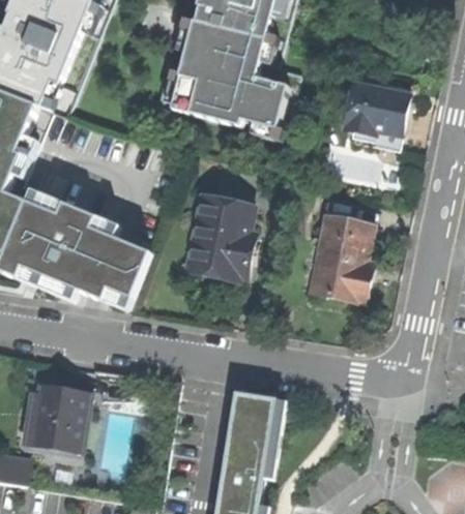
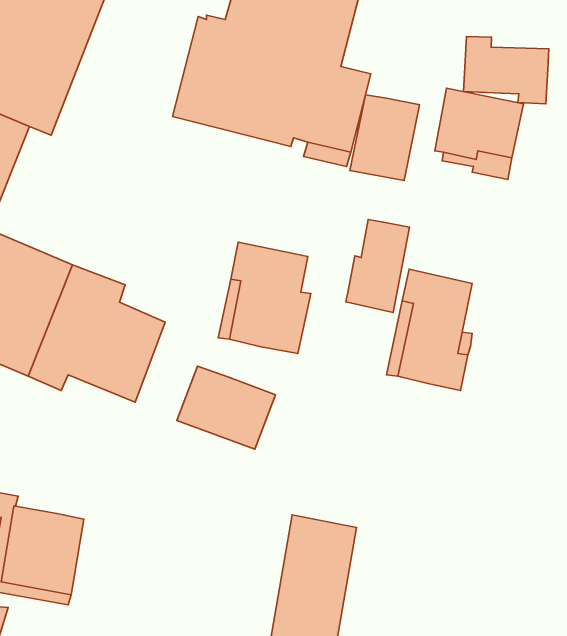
building: none -> [464,37,549,104]
building: none -> [350,95,420,180]
building: none -> [346,220,410,312]
building: none -> [177,366,275,449]

